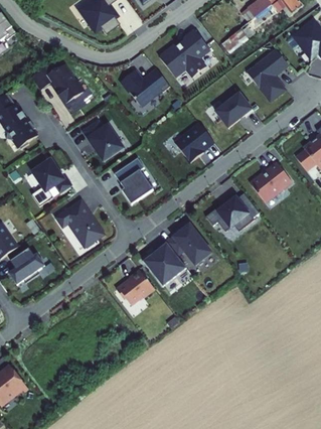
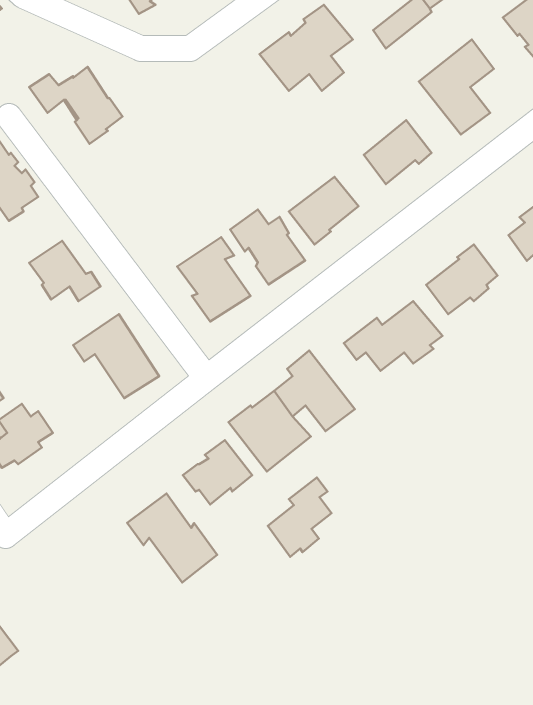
building: [121,68,170,106] -> none
building: [83,119,124,160] -> [230,209,305,284]
building: none -> [268,477,332,557]
building: none -> [127,493,217,582]

